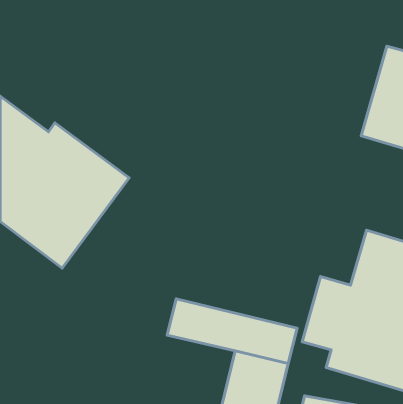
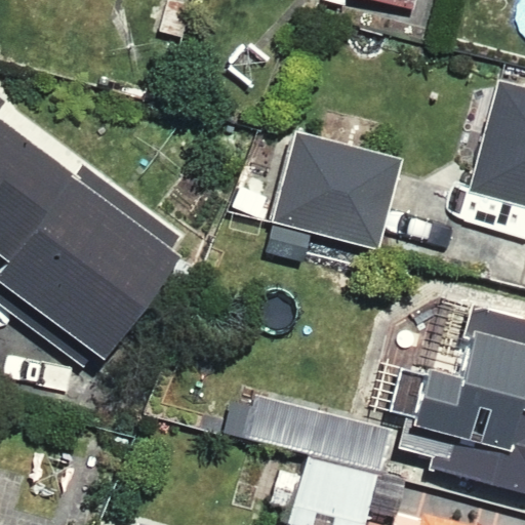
building: none -> [241,136,398,256]

